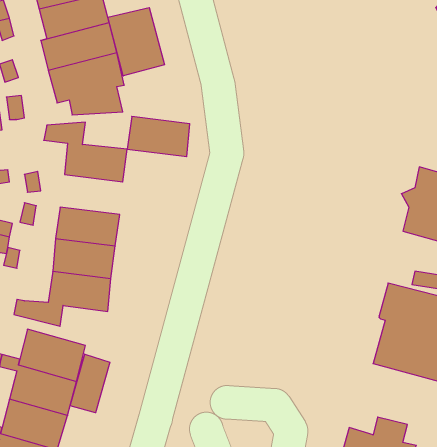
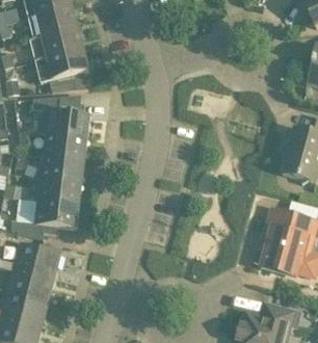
building: [108,8,164,76] -> none
building: [127,116,190,157] -> [44,133,87,161]
building: [70,354,110,413] -> none

